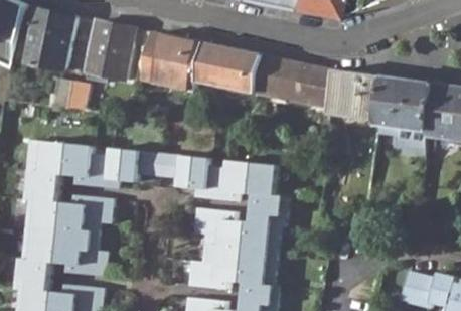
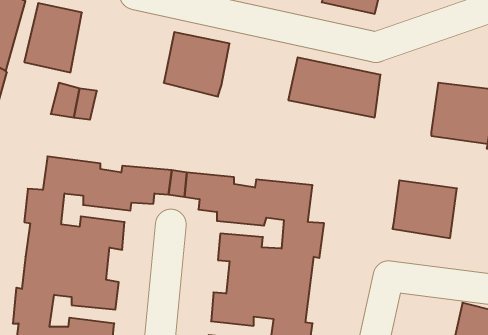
building: [86,20,136,77] -> none
building: [197,43,264,93] -> none
building: [330,70,387,121] -> [392,180,457,238]

